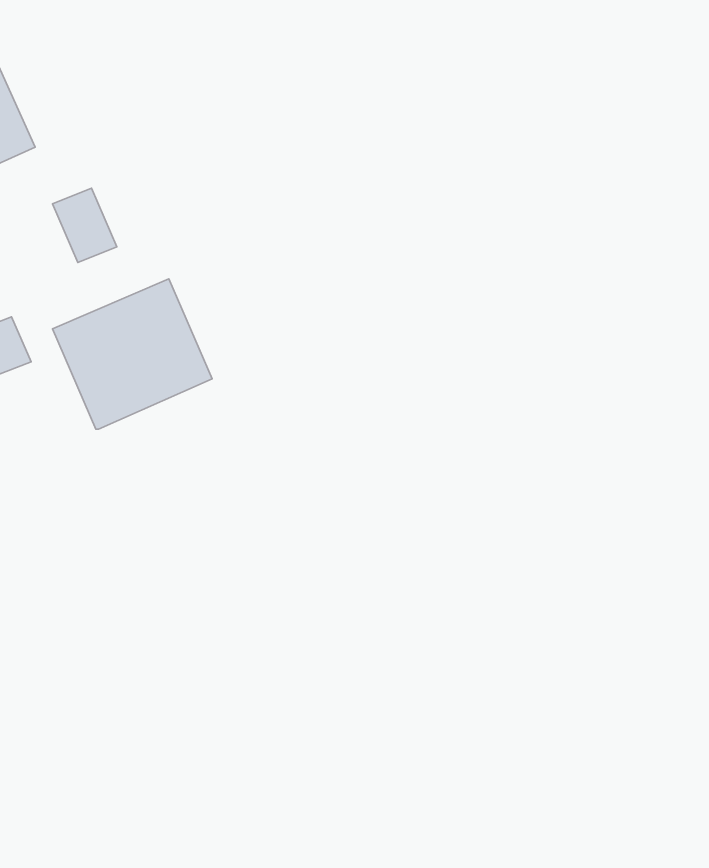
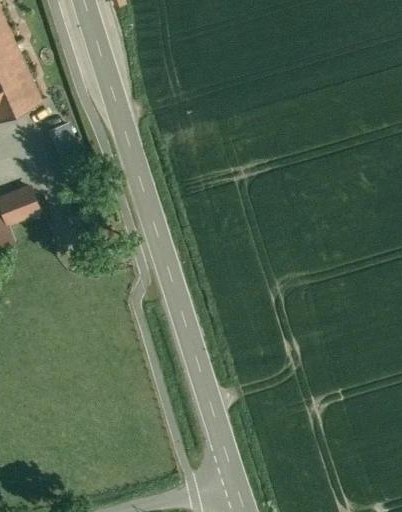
building: [53,279,212,429] -> none

